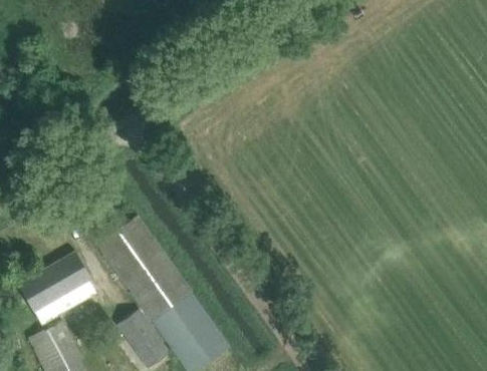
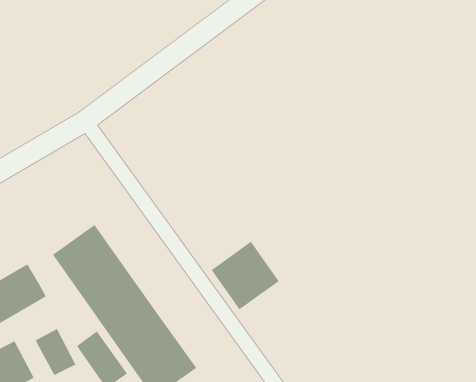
building: none -> [211,241,279,310]
building: none -> [35,328,76,376]

